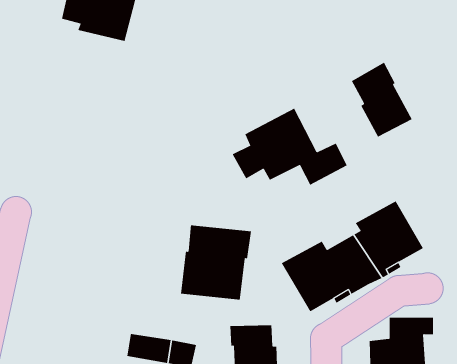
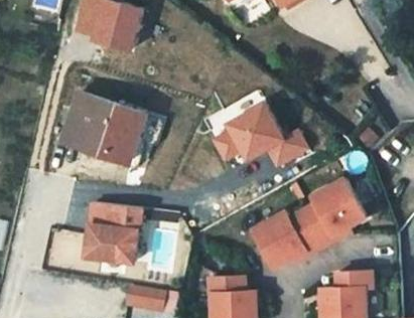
building: [351,62,413,138] -> none
building: none -> [64,92,165,166]
building: [180,225,252,300] -> [82,204,139,265]

